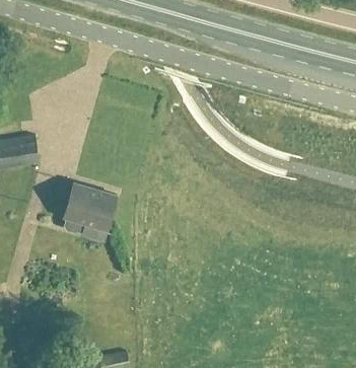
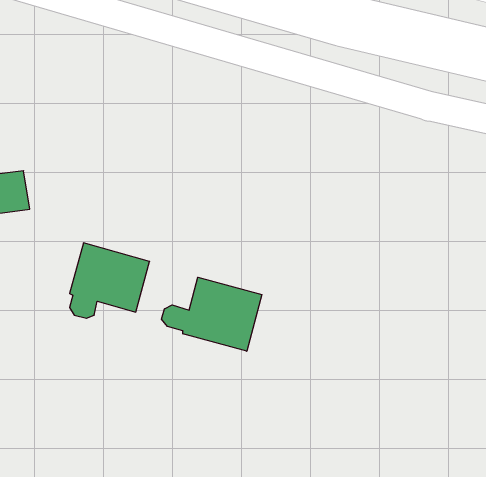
building: none -> [161,277,262,351]

